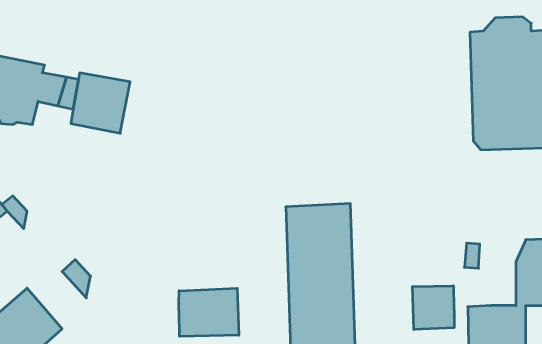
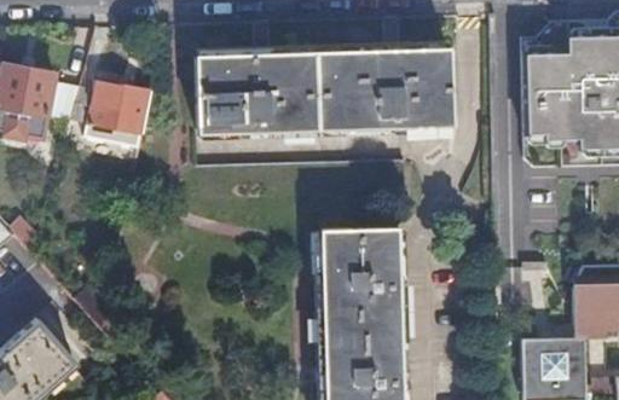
building: none -> [196,51,451,128]
building: [412,286,454,330] -> none
building: [179,288,239,336] -> none

